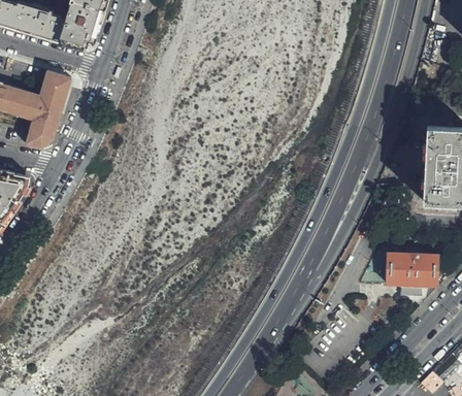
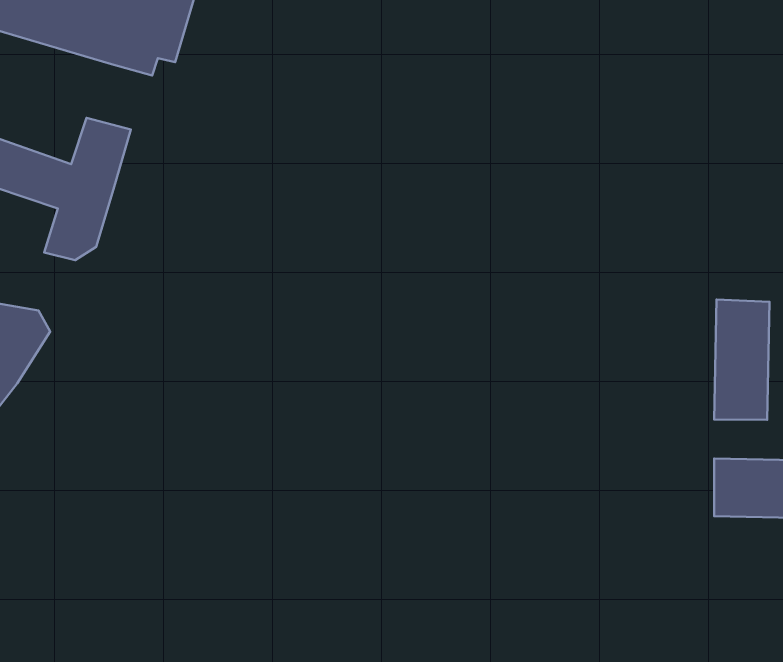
building: none -> [714,299,769,420]

